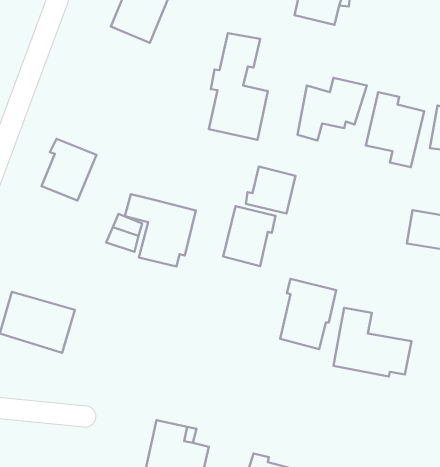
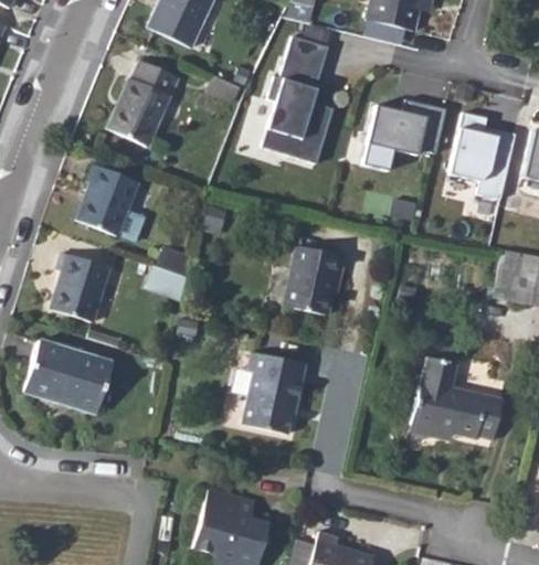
building: none -> [104,65,178,150]
building: [246,167,295,214] -> none
building: [125,194,196,266] -> none
building: none -> [50,252,107,321]
building: [280,279,336,349] -> [240,350,305,431]

